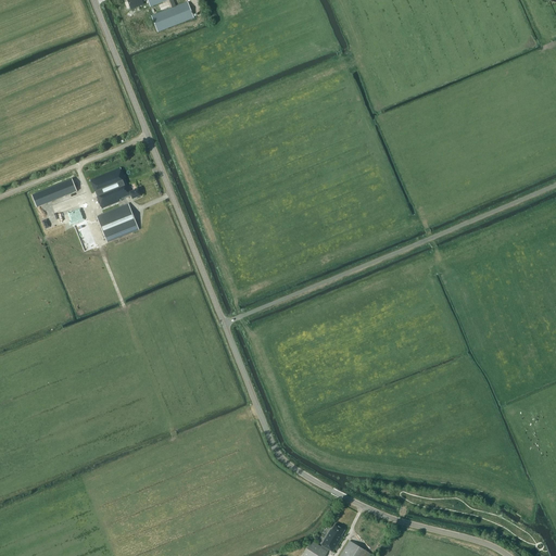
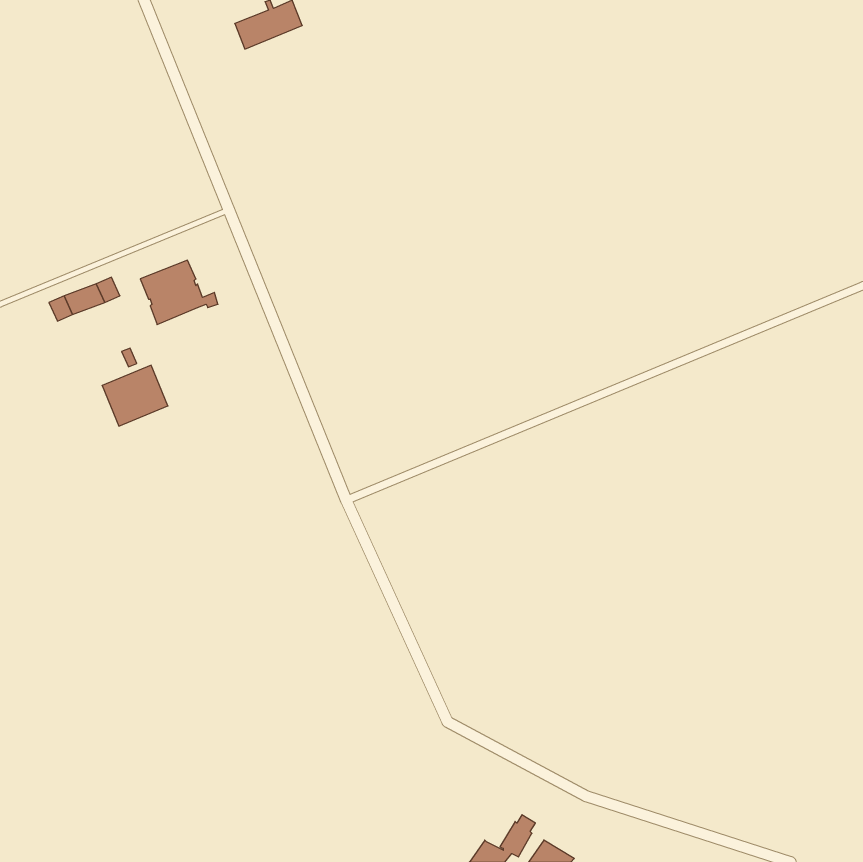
building: [97,203,139,242] -> [102,365,168,426]

